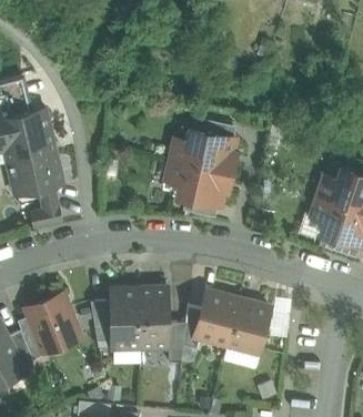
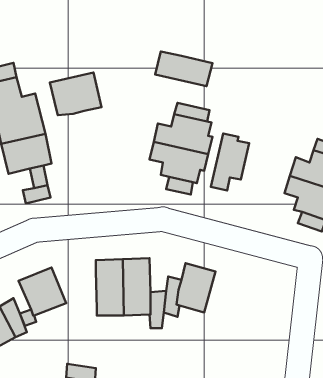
building: none -> [155,52,212,86]
building: none -> [50,72,102,115]
building: none -> [211,133,249,191]
building: [90,301,111,340] -> none
building: [226,301,271,353] -> none

